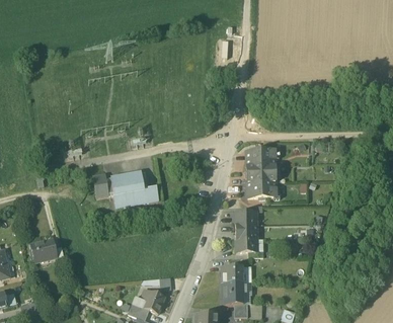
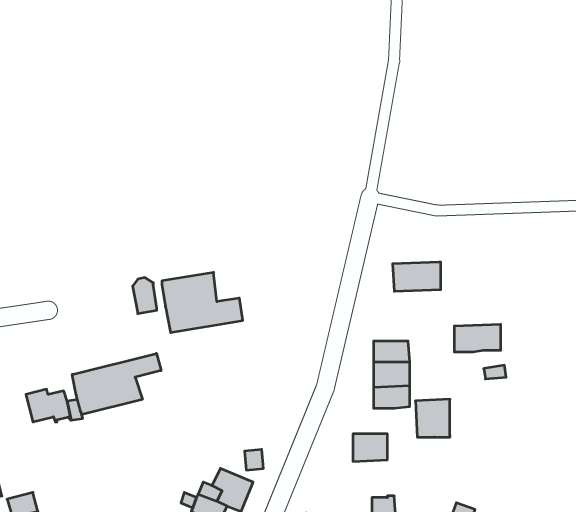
building: [246,151,273,167] -> none
building: [247,182,274,198] -> [454,324,501,352]
building: none -> [72,353,161,414]
building: [223,282,243,305] -> [415,399,450,437]

